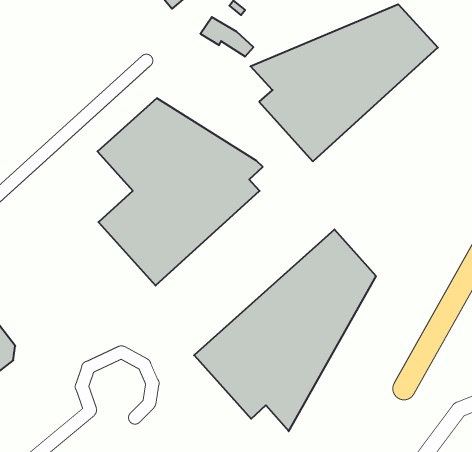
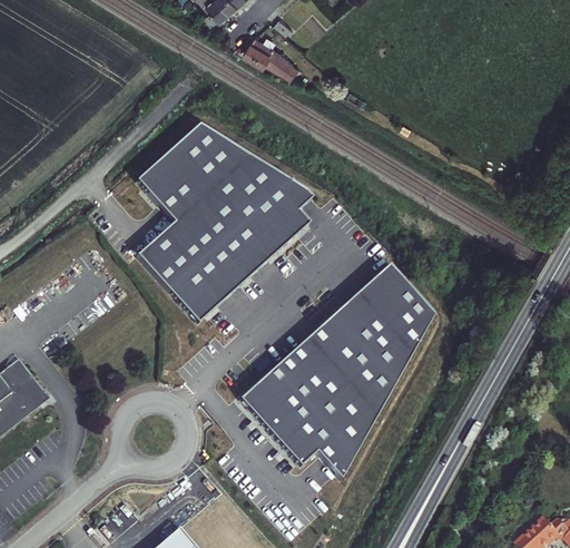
building: [250,4,438,161] -> none

